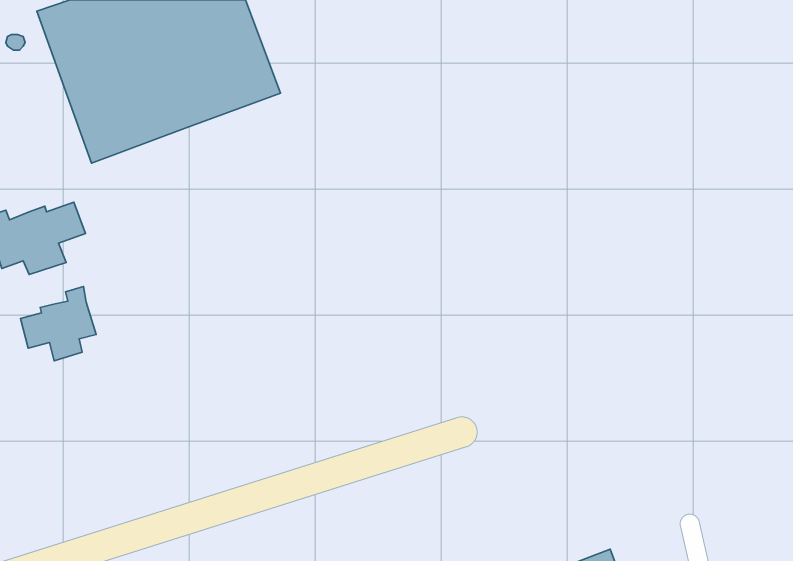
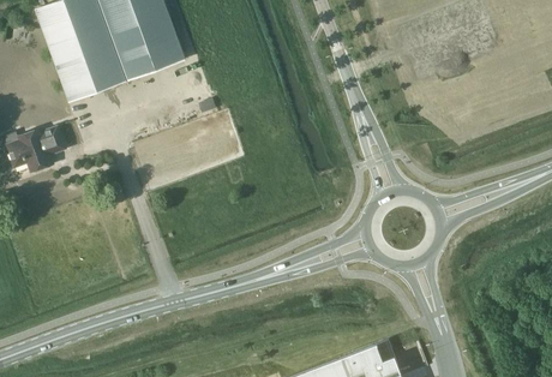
building: [20,286,96,361] -> none

